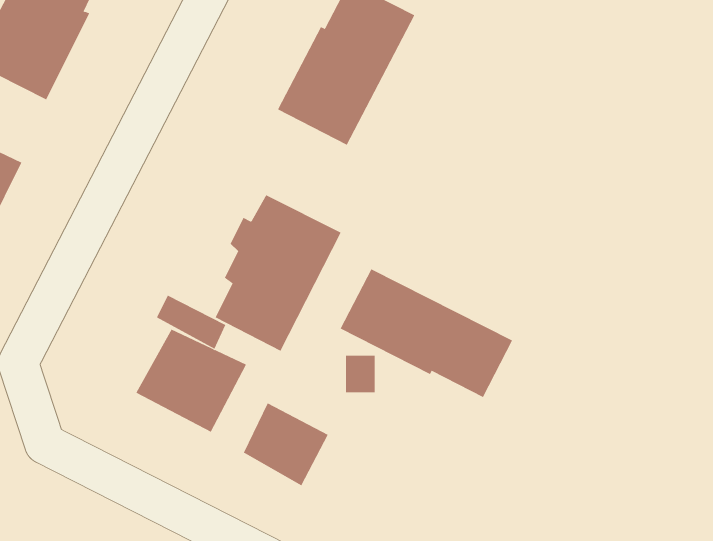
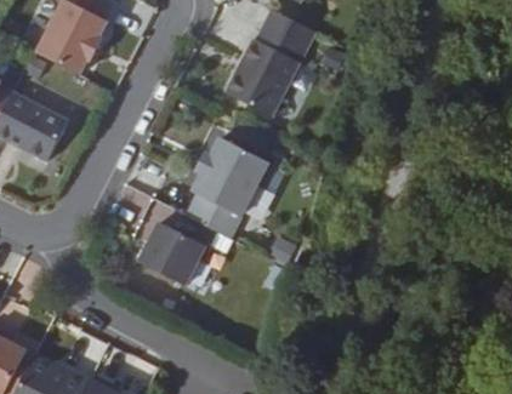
building: [340,268,513,398] -> none
building: [243,403,328,486] -> none

